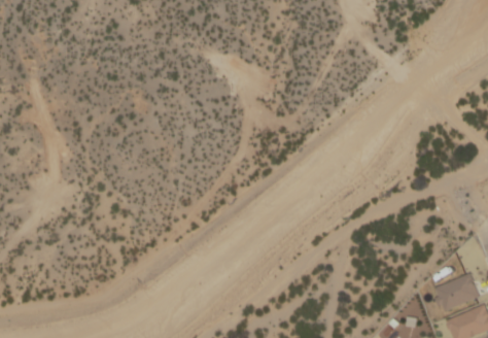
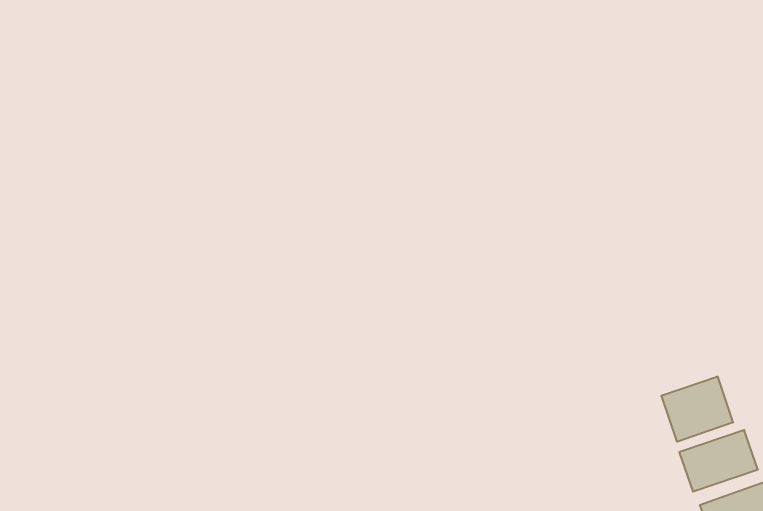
building: none -> [661,376,733,442]

